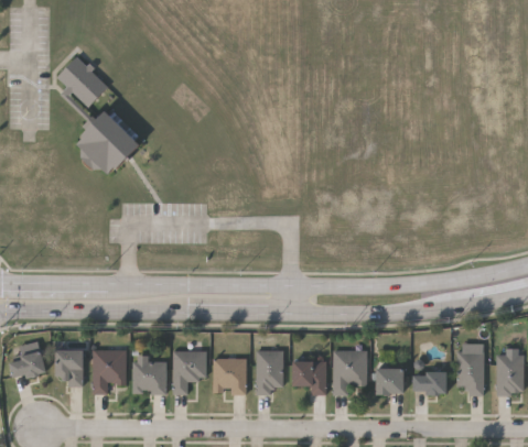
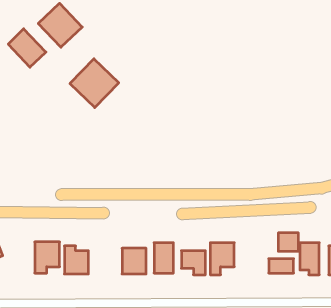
building: none -> [38,3,82,47]
building: [74,111,141,178] -> [70,59,119,108]
building: [55,349,84,386] -> none
building: [172,350,205,393] -> none
building: [377,368,405,393] -> [278,233,298,251]

